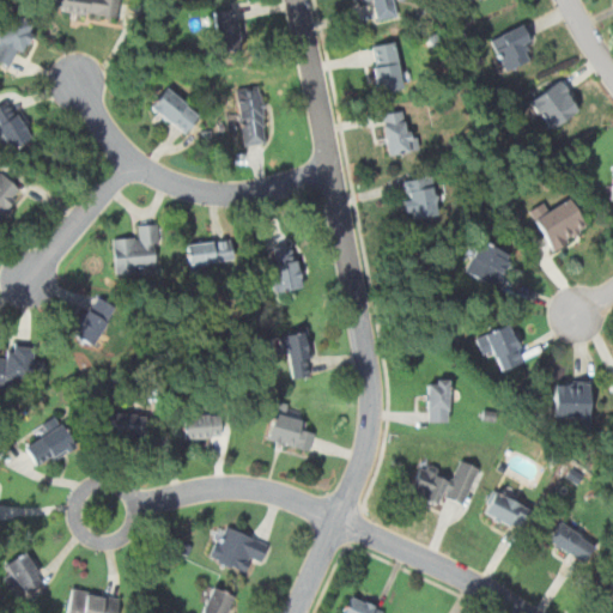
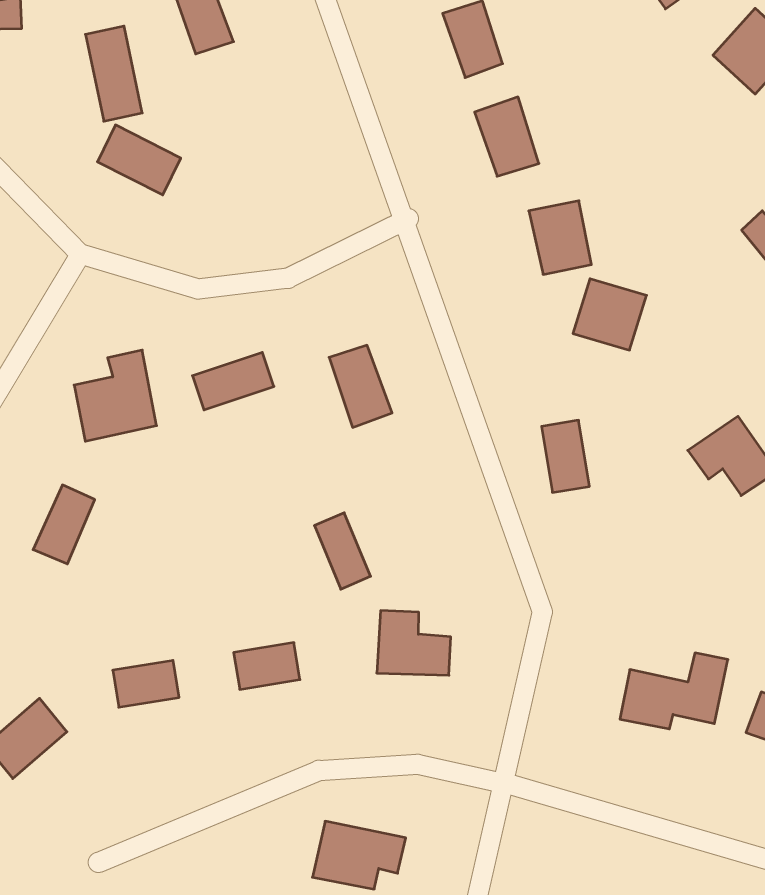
building: [239,90,266,145] -> [85,26,142,121]
building: [466,239,514,286] -> [573,279,647,350]
building: [285,332,314,377] -> [314,513,371,589]
building: [427,380,450,420] -> [542,420,589,492]

